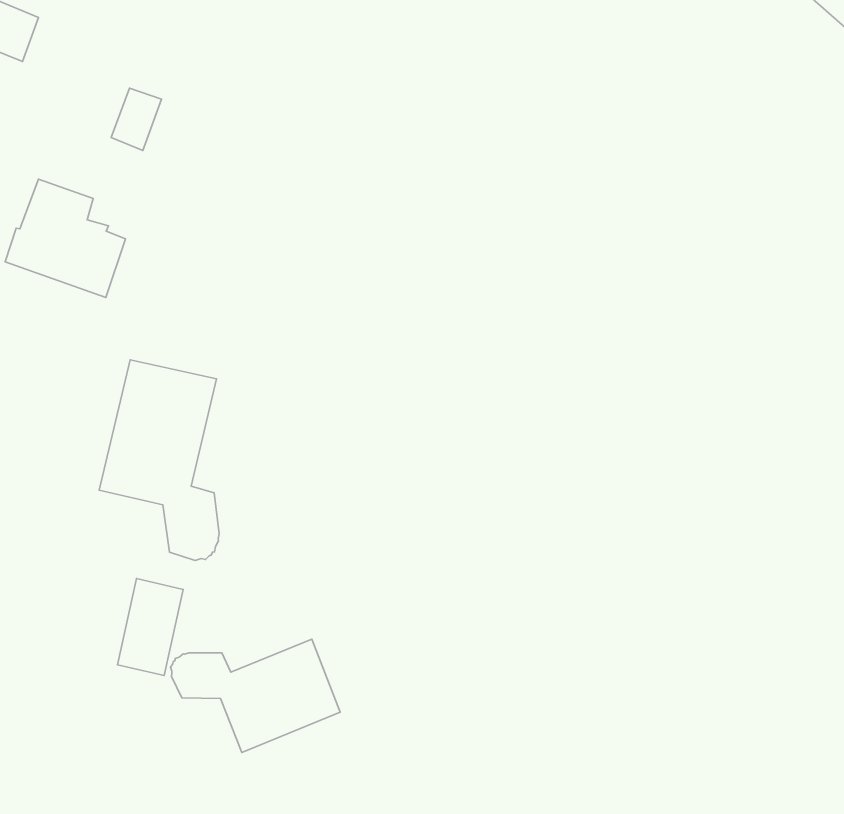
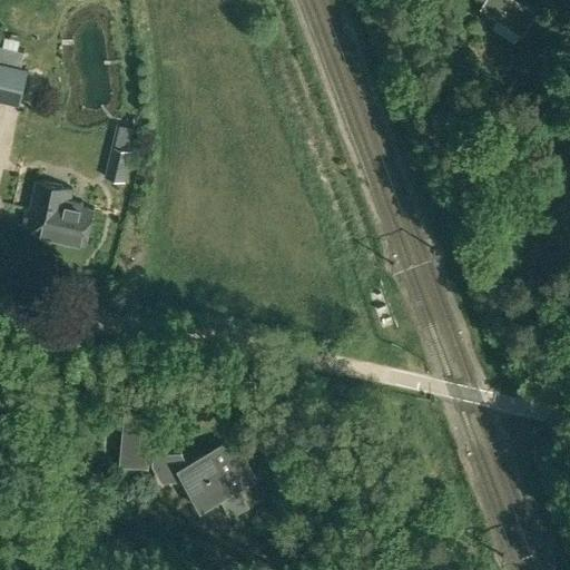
building: [111,88,161,150] -> [102,149,130,186]
building: [99,360,219,560] -> none

